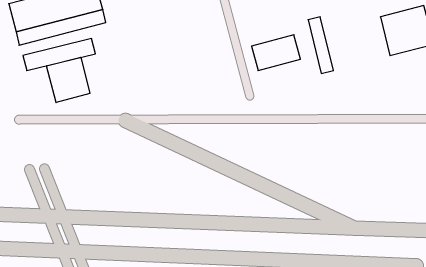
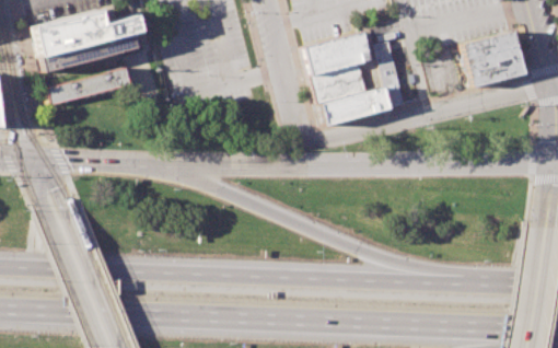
building: none -> [307,33,374,76]
building: none -> [322,88,392,126]
building: [47,57,90,103] -> none

